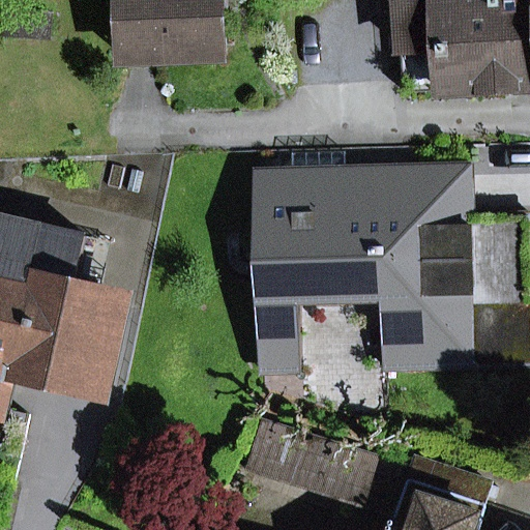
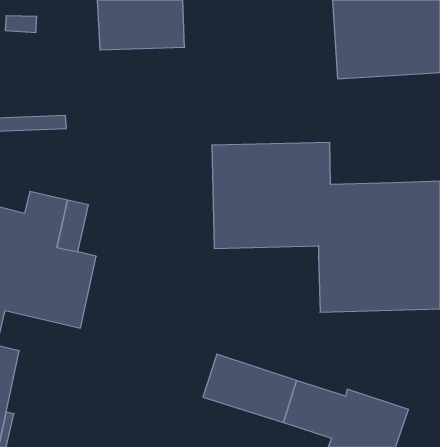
building: [390,167,466,218] -> none
building: [254,291,377,374] -> none

